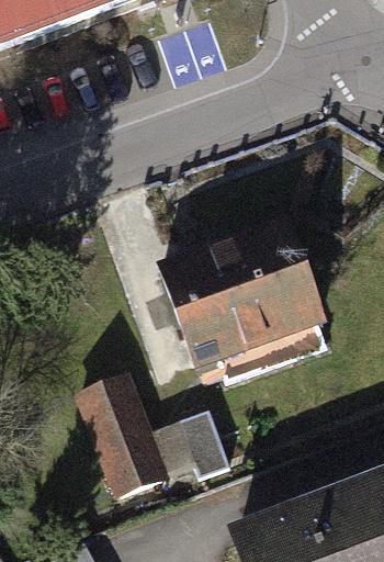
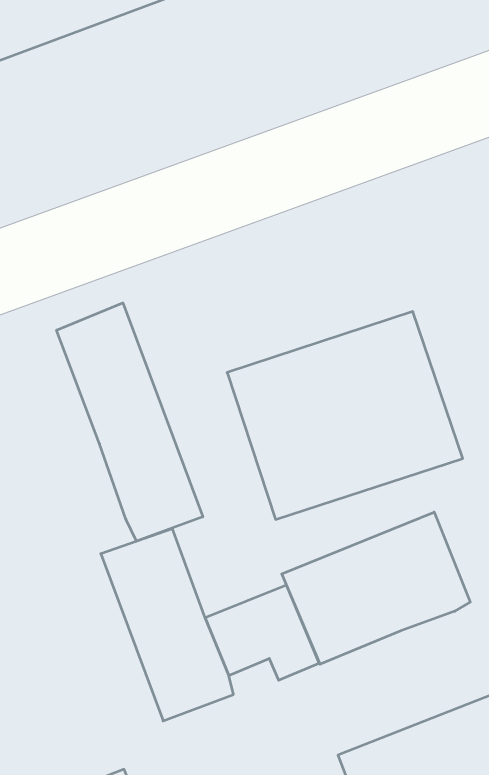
building: none -> [57,303,203,541]
building: none -> [282,512,470,664]

